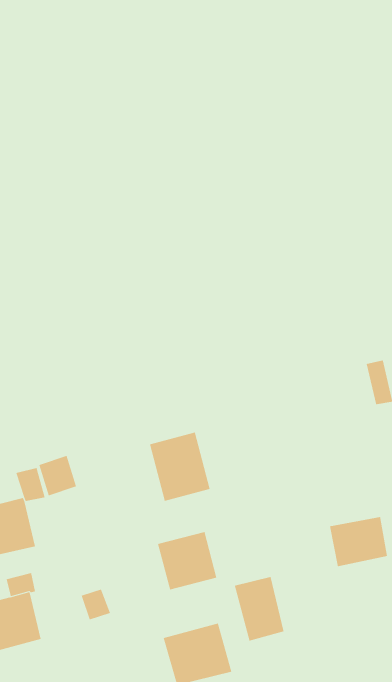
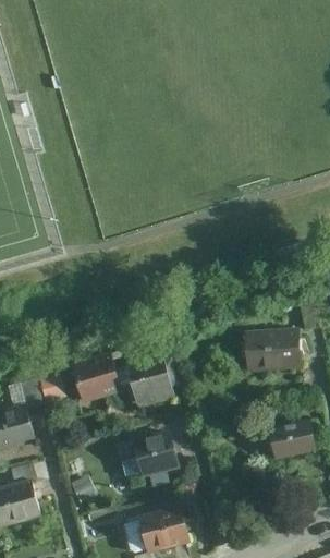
building: none -> [244,331,298,371]
building: none -> [69,354,119,402]
building: [234,576,284,642] -> none

